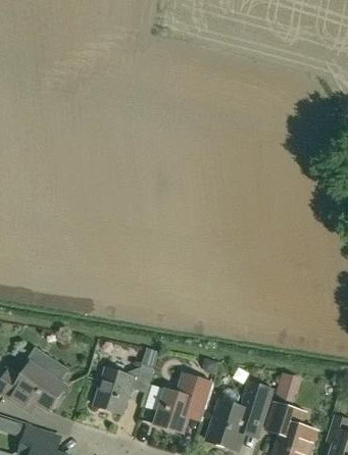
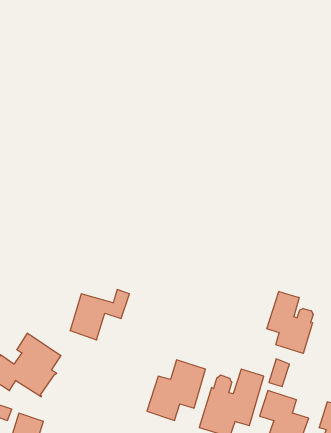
building: none -> [267,291,313,353]
building: [94,363,153,413] -> [70,290,129,340]

